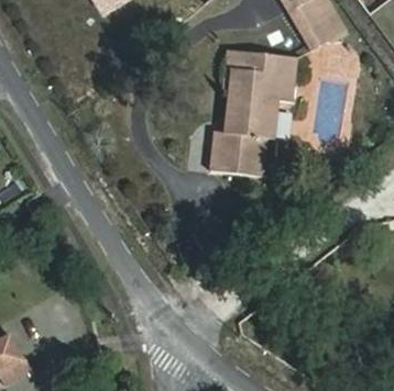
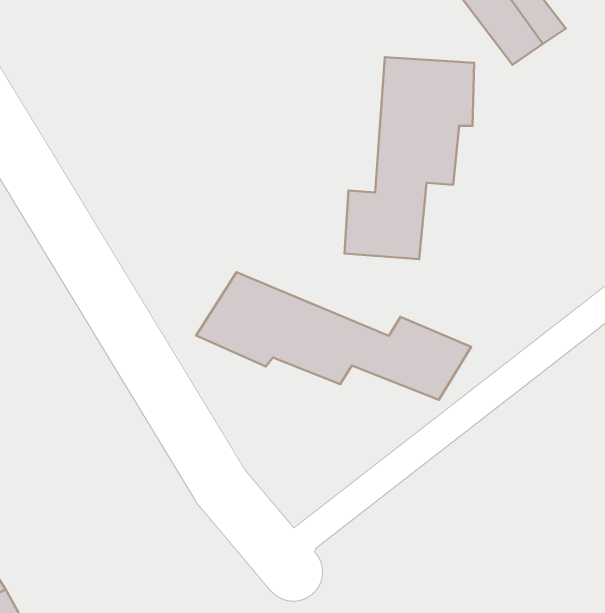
building: none -> [196,272,471,400]

